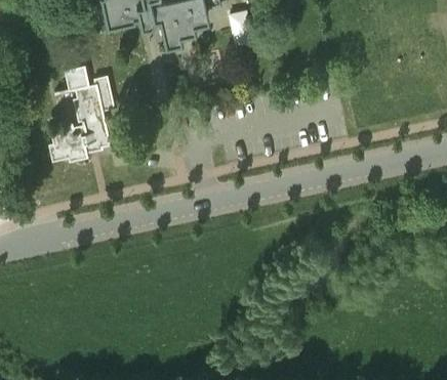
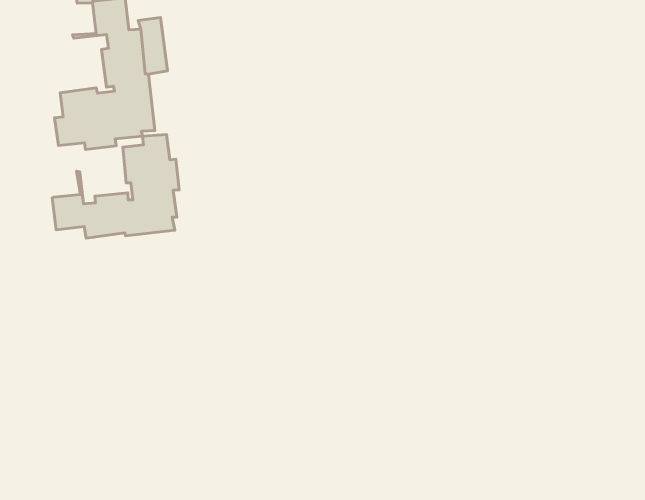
building: none -> [52,134,179,238]

